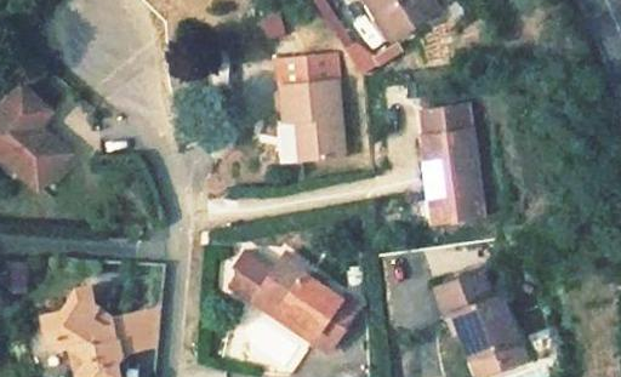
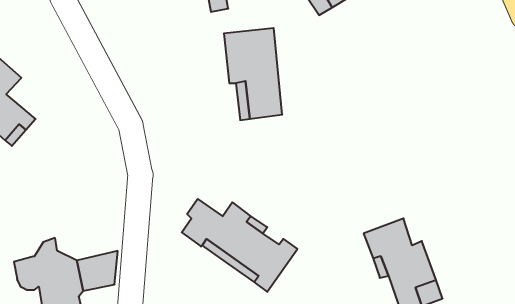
building: [417,107,482,222] -> none

